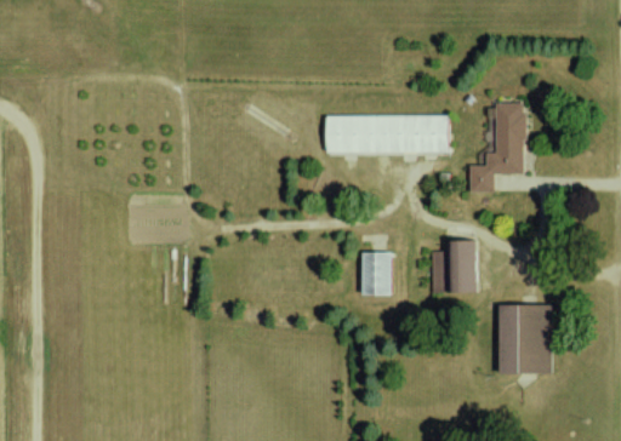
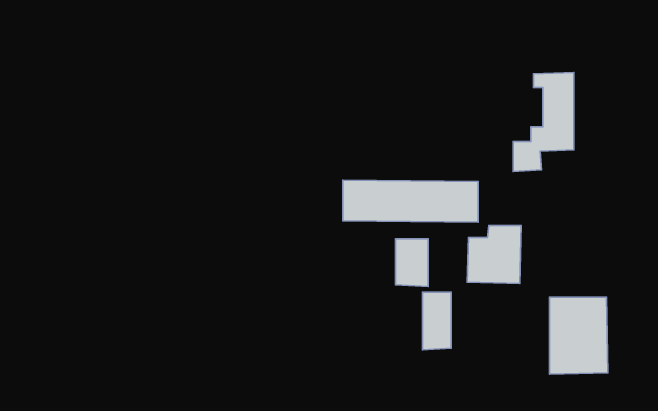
building: [327,115,449,153] -> [343,180,478,222]
building: none -> [423,292,451,350]

